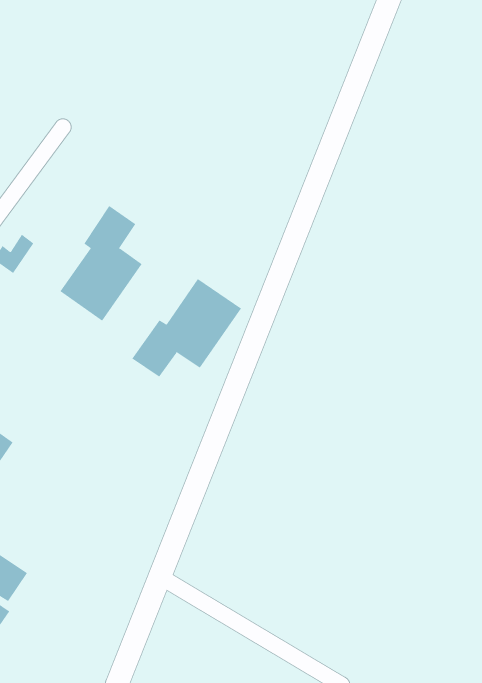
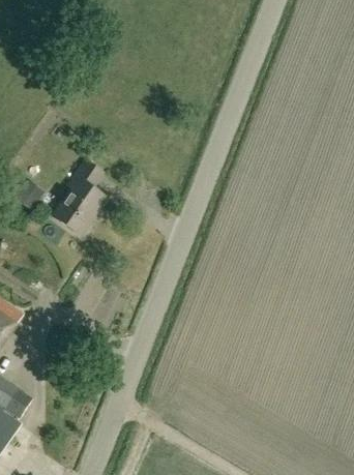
building: [131,278,242,378] -> none

